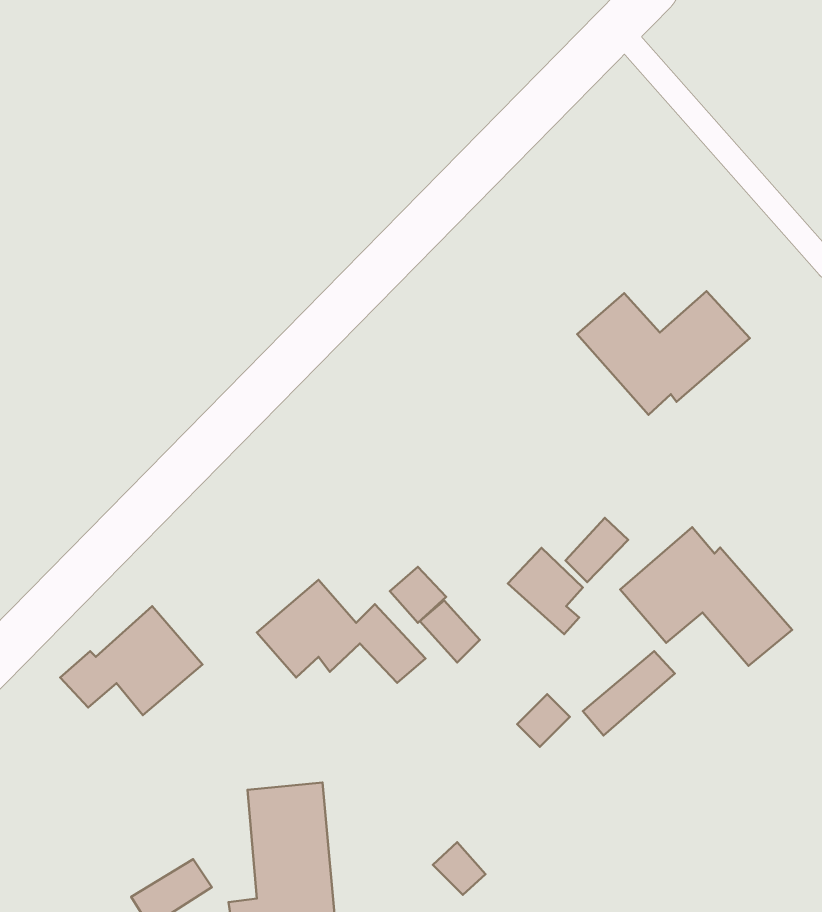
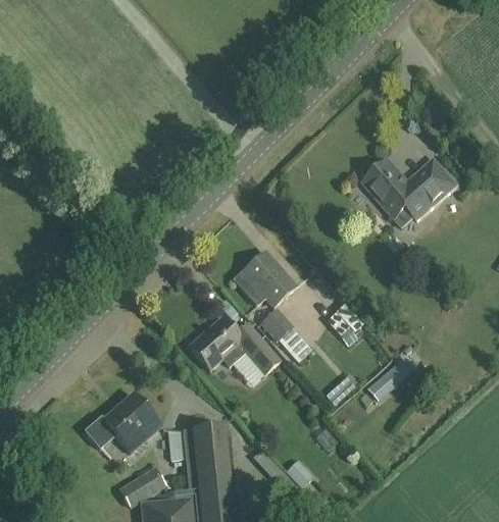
building: none -> [233,251,295,306]
building: [566,518,628,582] -> none
building: [620,527,792,666] -> none
building: [60,606,203,715] -> [83,393,160,452]

